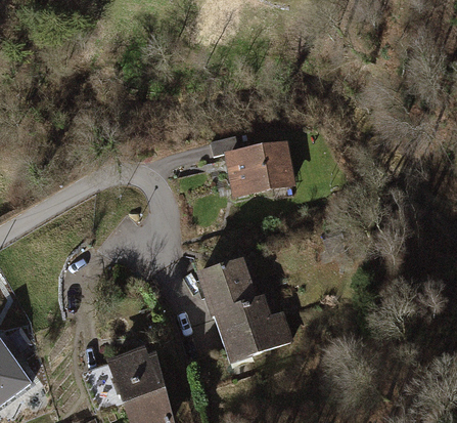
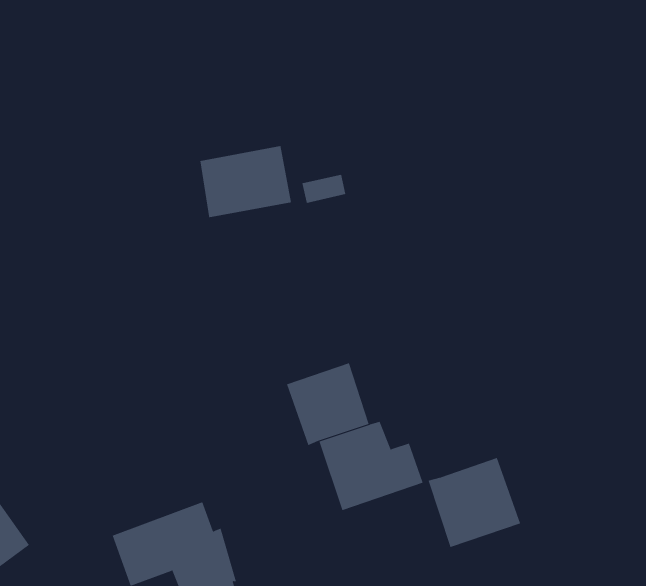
building: [230,145,291,194] -> [199,145,292,218]
building: none -> [428,457,521,548]

